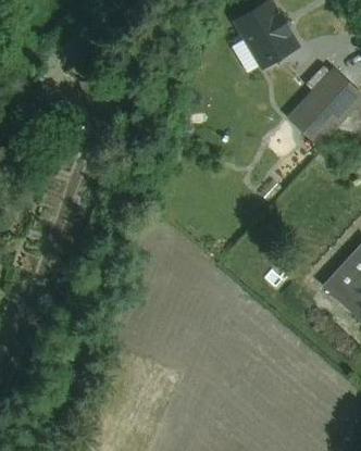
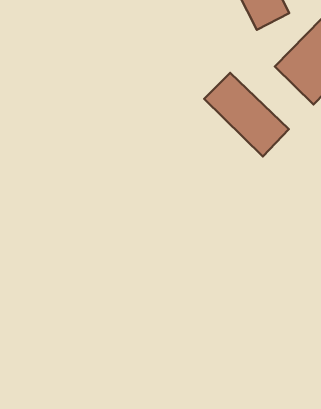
building: none -> [204,73,289,156]

